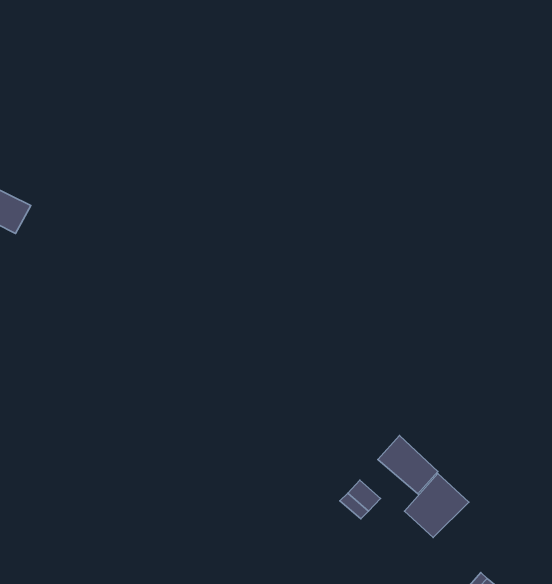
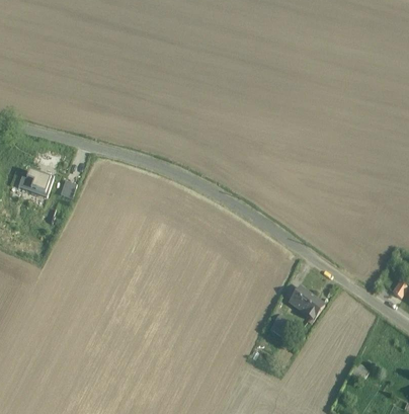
building: [405,474,469,538] -> none

